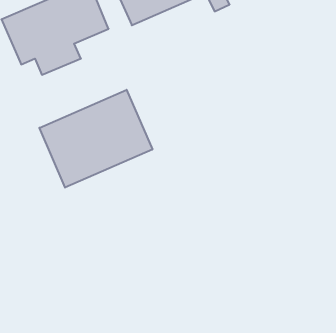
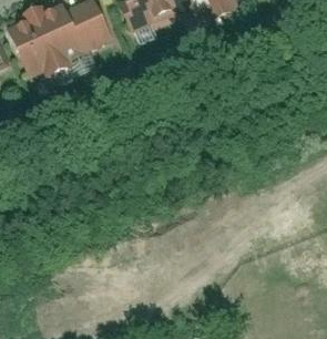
building: [39,90,152,188] -> none

